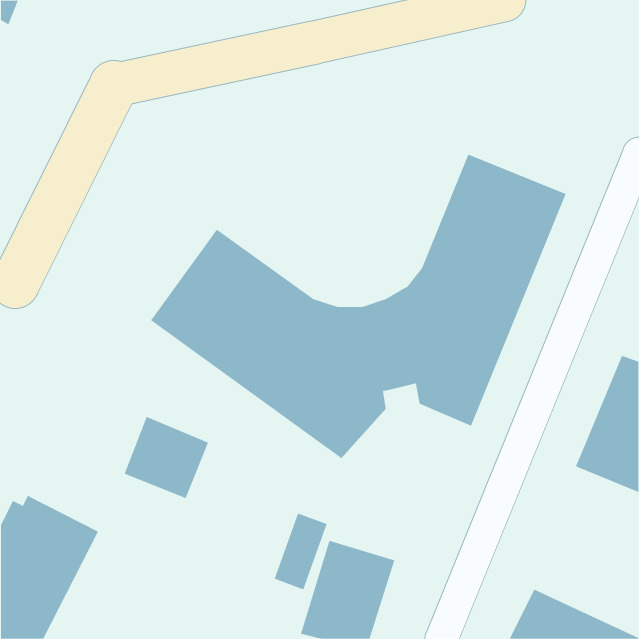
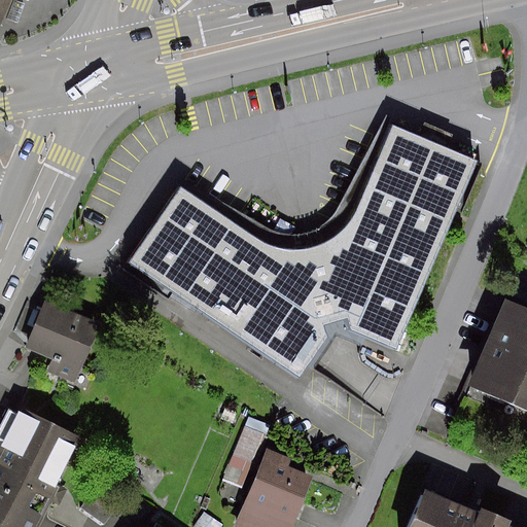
building: [124,416,209,499] -> [33,302,103,370]

